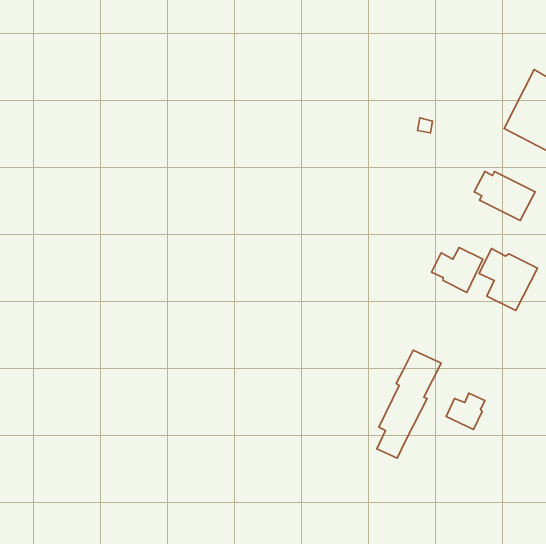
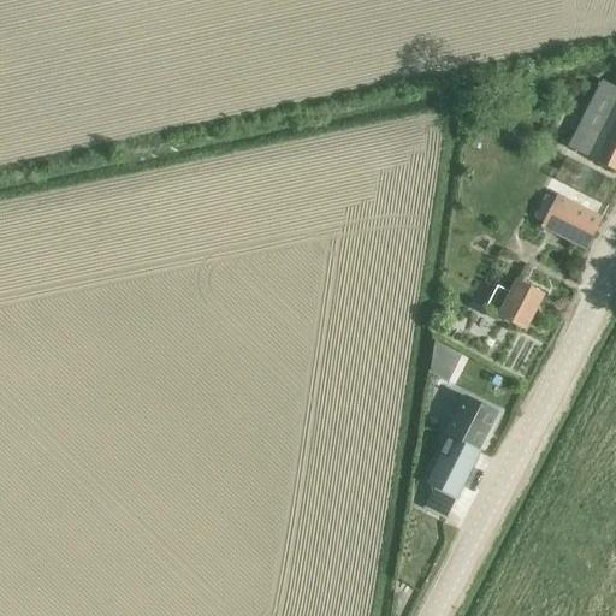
building: [479,249,538,311] -> none
building: [446,393,485,430] -> none

